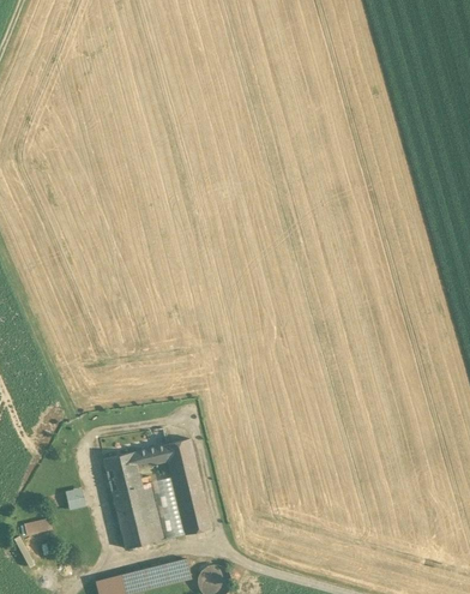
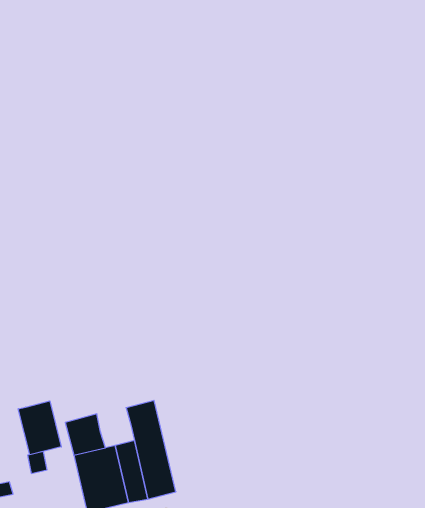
building: none -> [18,401,61,455]
building: [134,445,168,469] -> none

